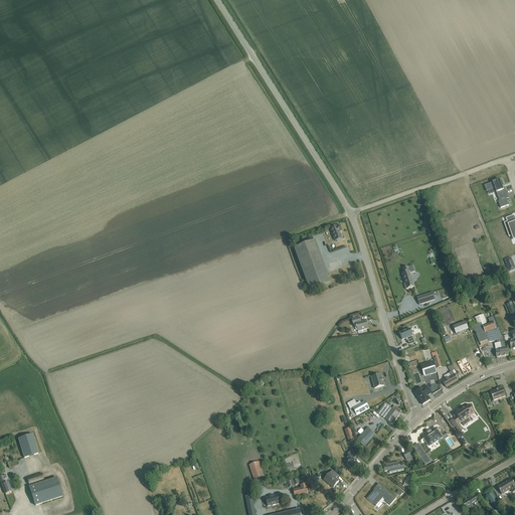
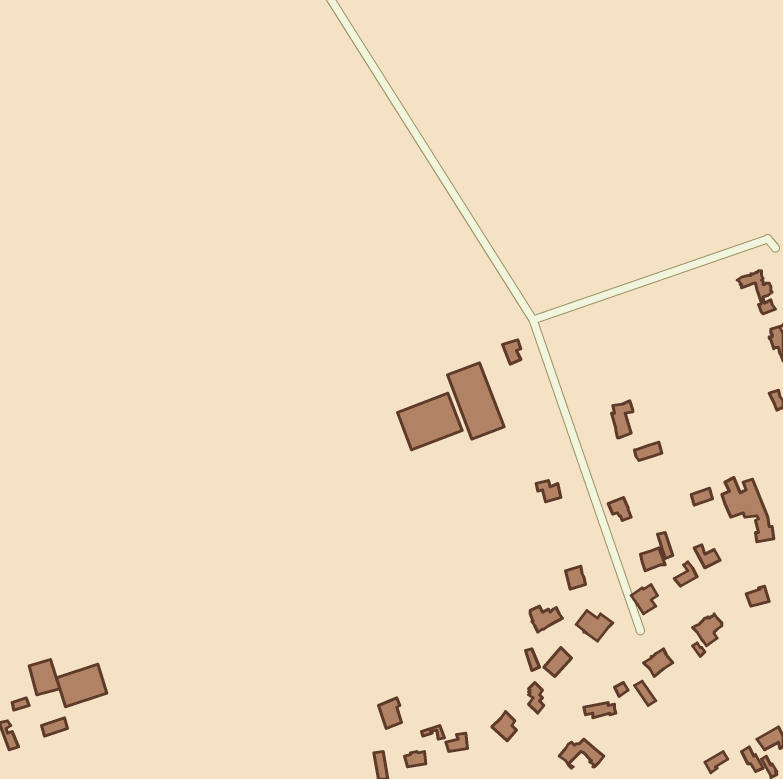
building: none -> [397,393,462,450]
building: [29,477,62,505] -> [56,664,107,707]

